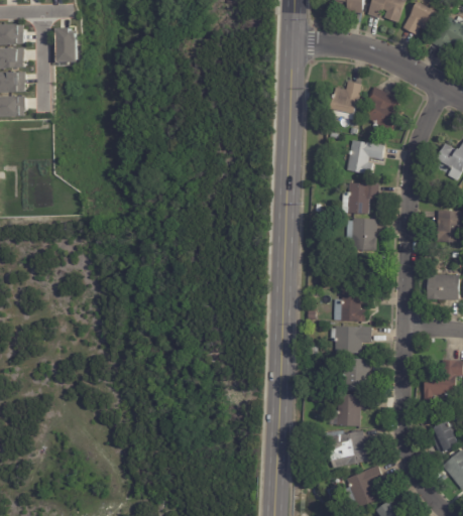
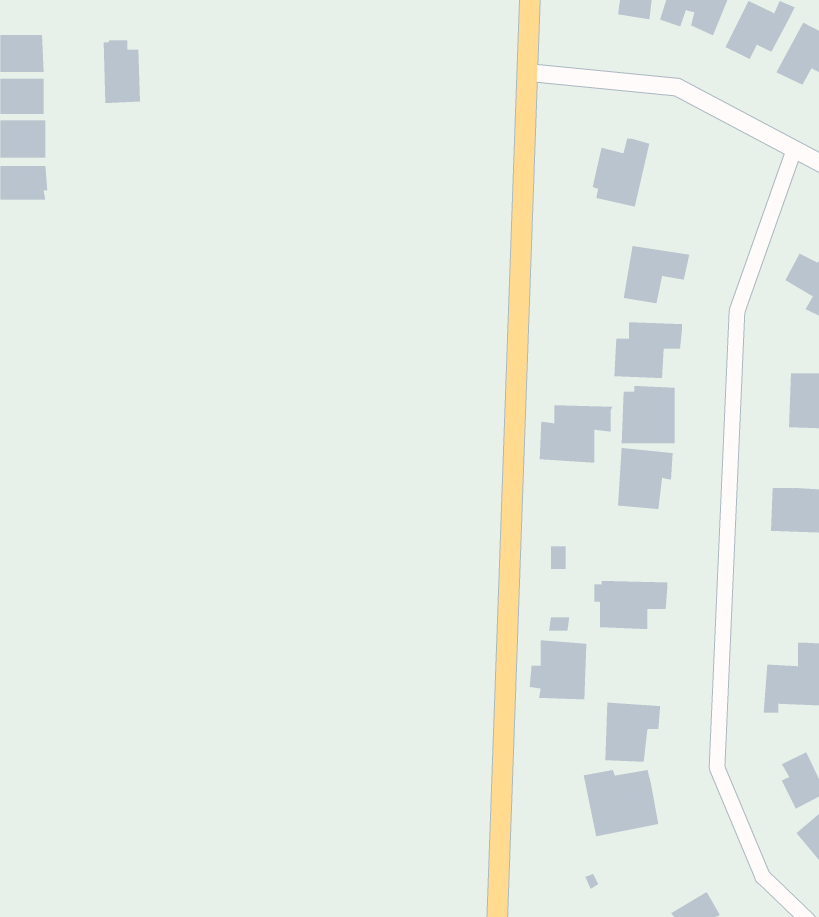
building: [365,86,402,132] -> none
building: [334,289,375,321] -> [539,405,613,463]
building: [337,358,369,391] -> [529,640,587,700]
building: [342,466,381,507] -> none

